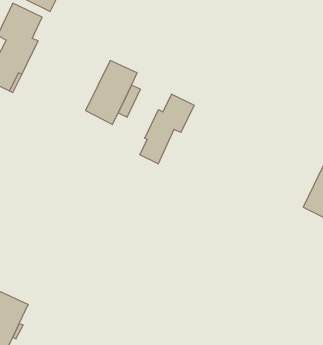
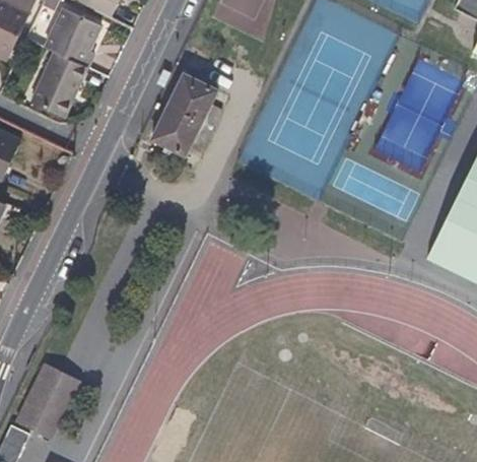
building: [140,94,194,164] -> none

